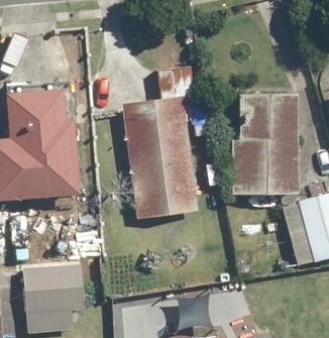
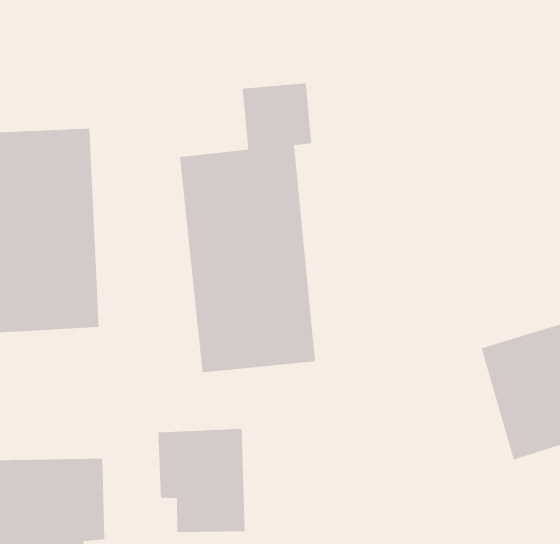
building: [232,94,297,193] -> none
building: none -> [158,428,245,533]

